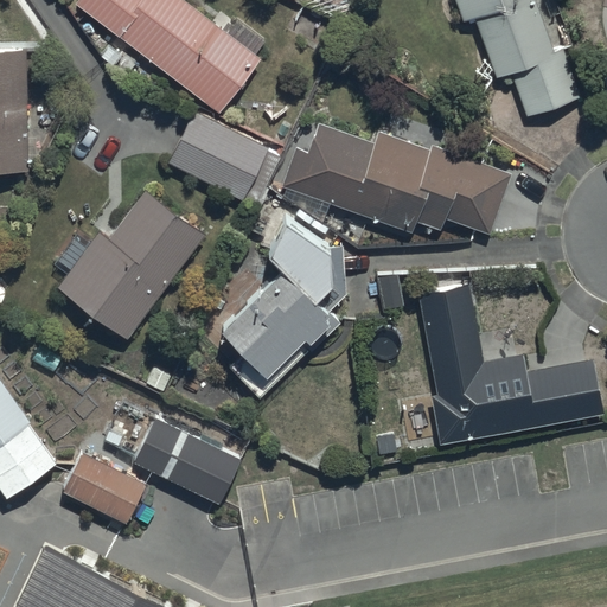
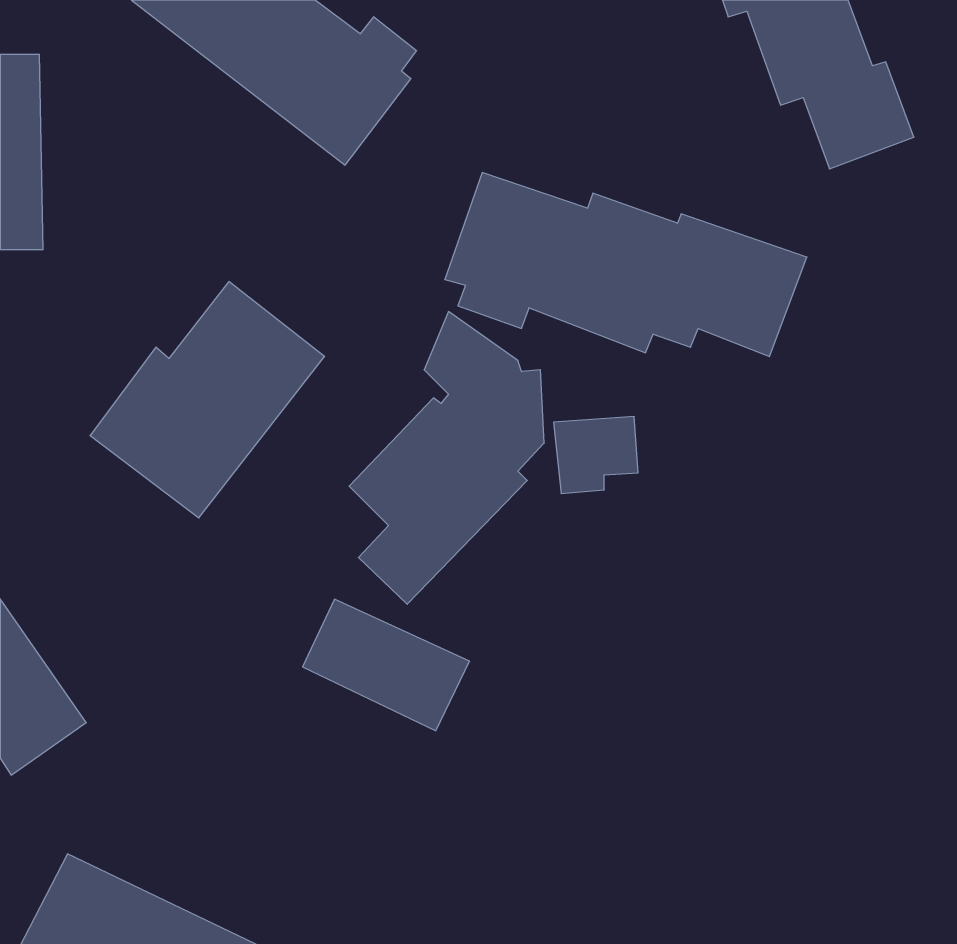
building: [167,108,267,198] -> none
building: [417,281,600,443] -> none
building: [135,426,241,509] -> [303,599,470,731]
building: [58,455,145,531] -> none

